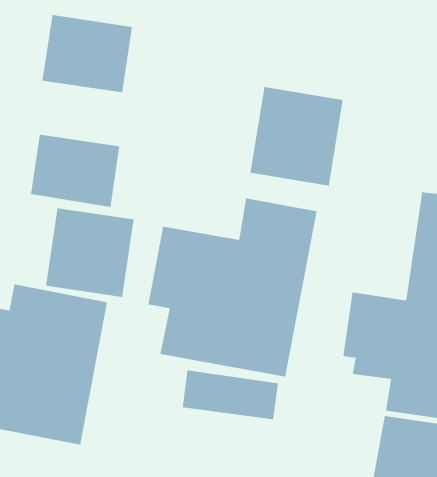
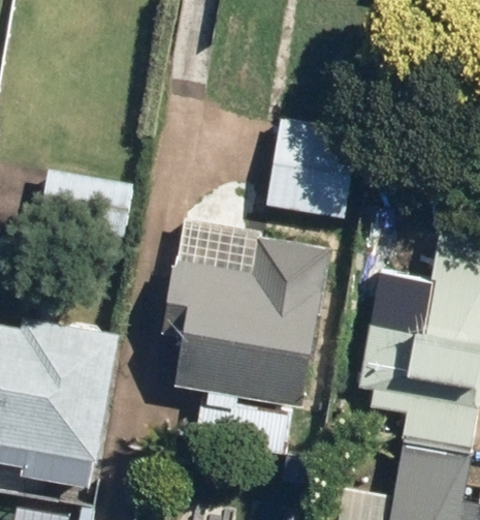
building: [42,14,133,93] -> none
building: [45,207,135,298] -> none

